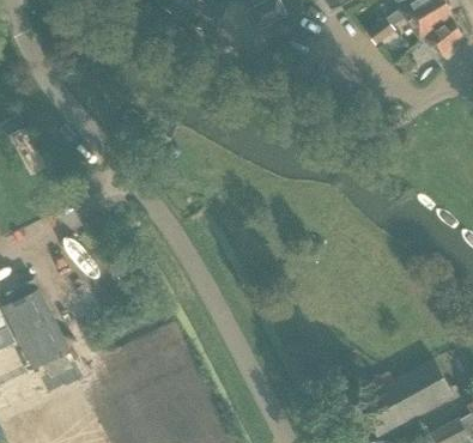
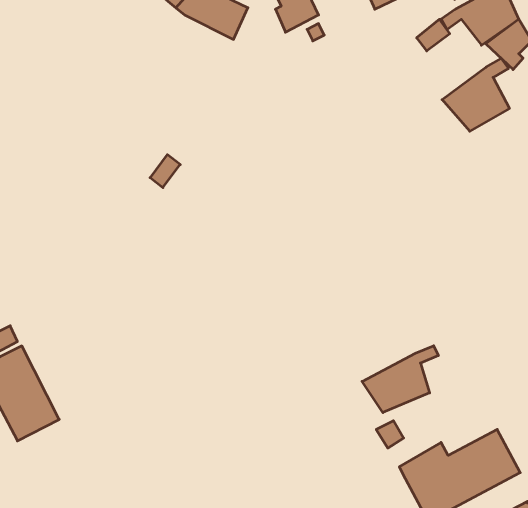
building: none -> [442,58,509,131]
building: none -> [362,346,438,413]

